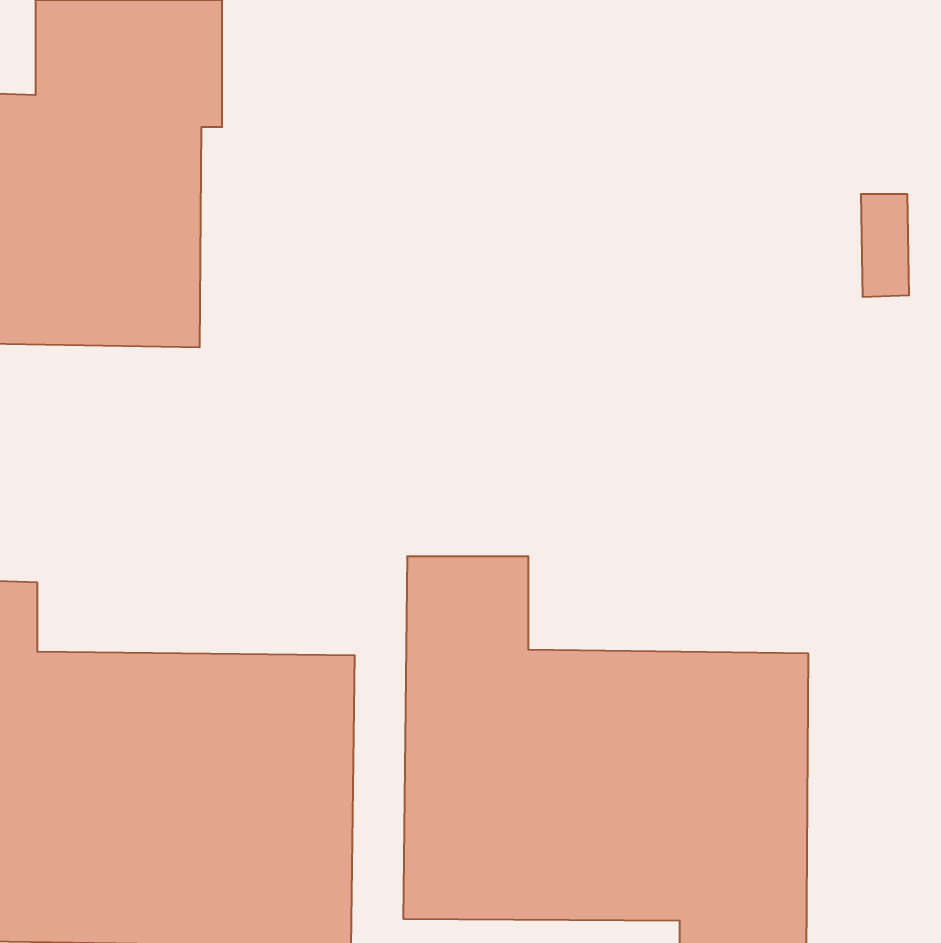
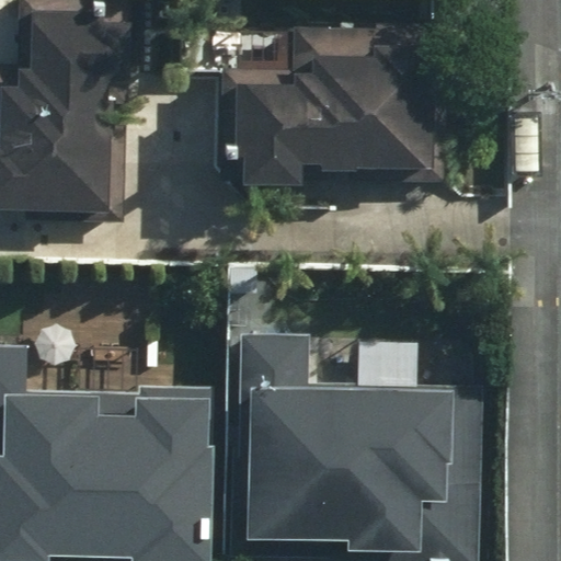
building: none -> [233,39,447,181]

